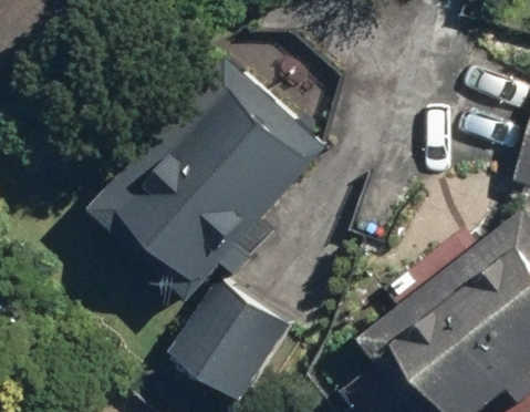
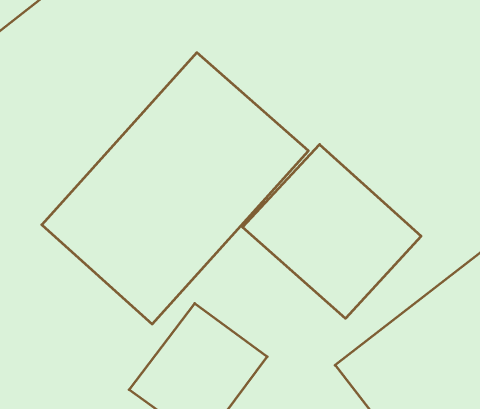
building: none -> [242,144,421,318]

